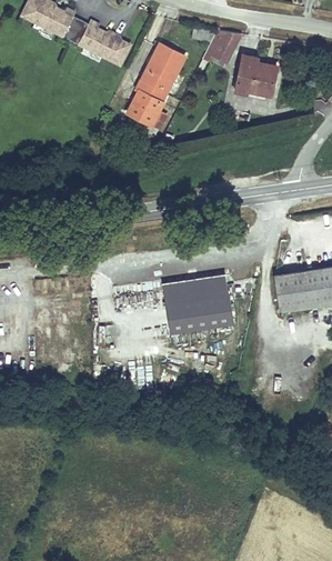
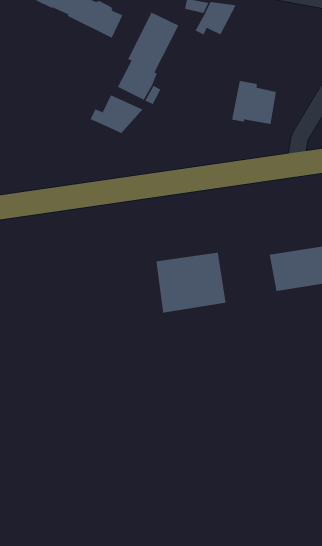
building: [234,54,279,98] -> [231,80,277,125]
building: none -> [90,94,143,135]

